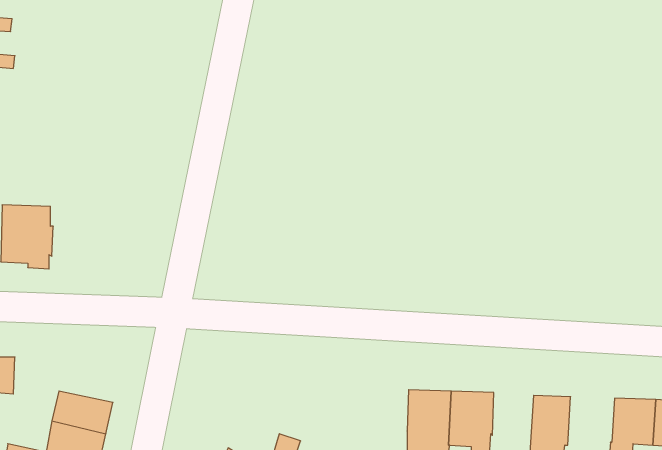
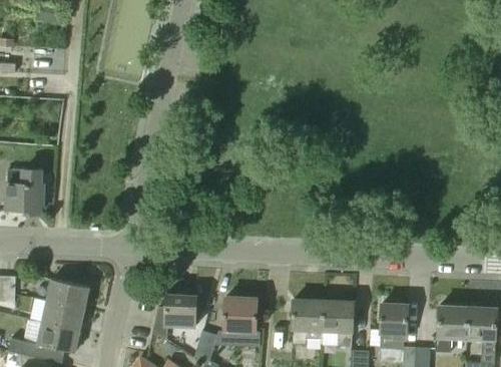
building: none -> [47,279,89,309]
building: none -> [165,294,196,327]
building: none -> [222,297,258,332]

